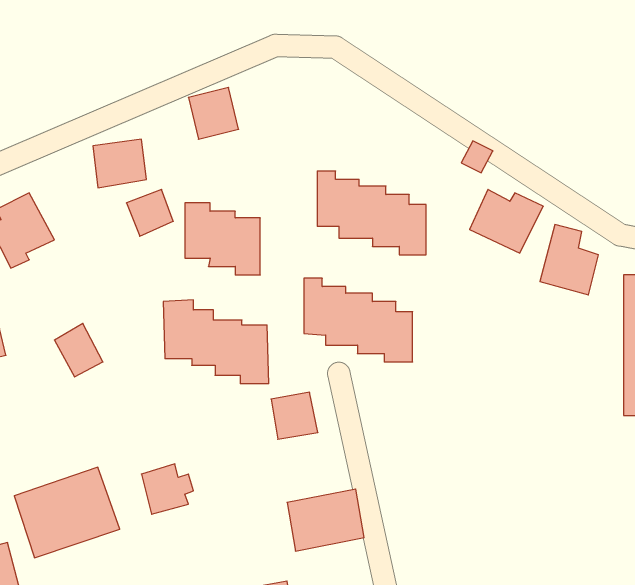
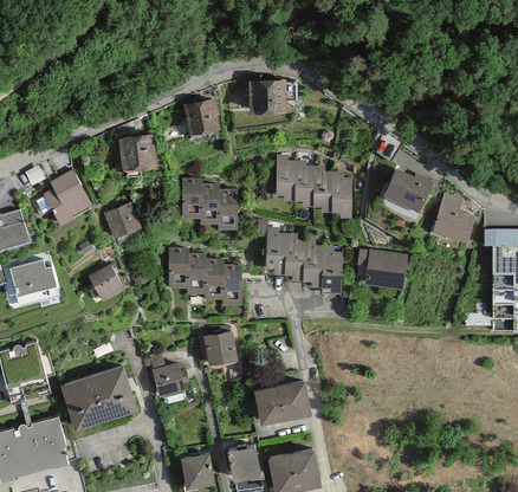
building: none -> [248,77,286,112]
building: [126,189,173,236] -> [105,203,138,237]
building: none -> [357,248,408,287]
building: [271,392,318,439] -> [202,330,235,363]

